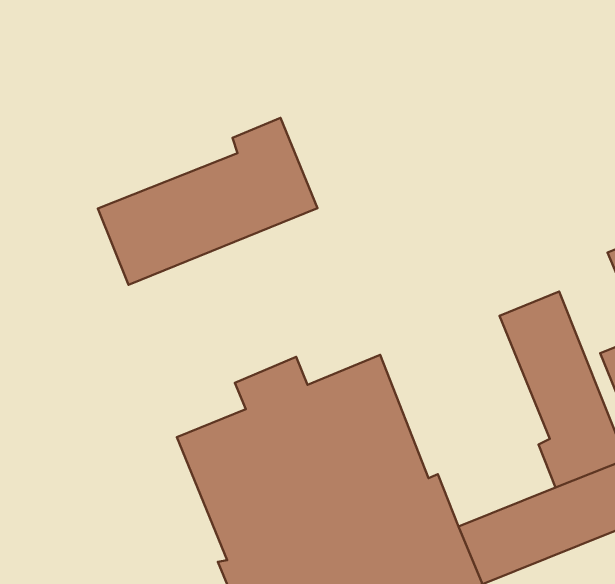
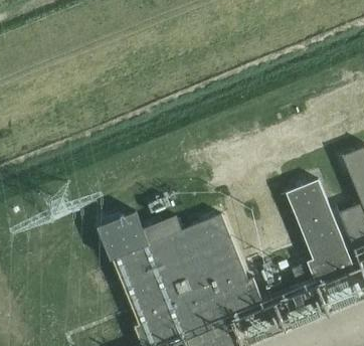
building: [98,118,317,285] -> none
building: none -> [97,208,148,257]

